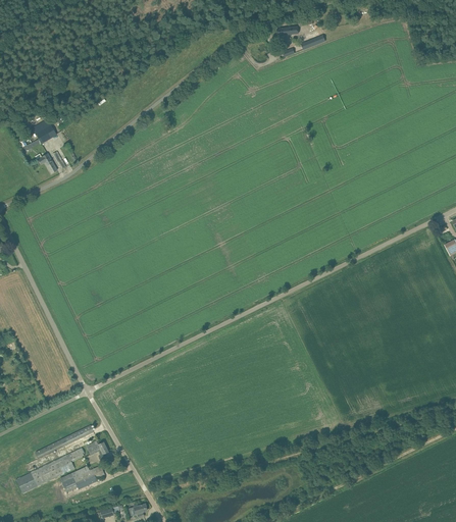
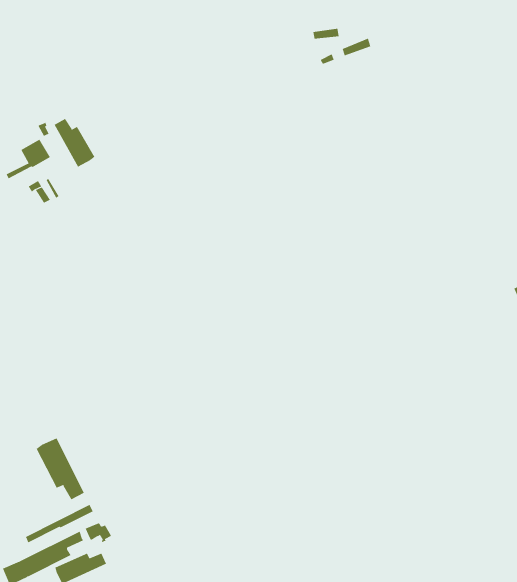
building: none -> [54,118,95,167]
building: none -> [36,437,85,500]

